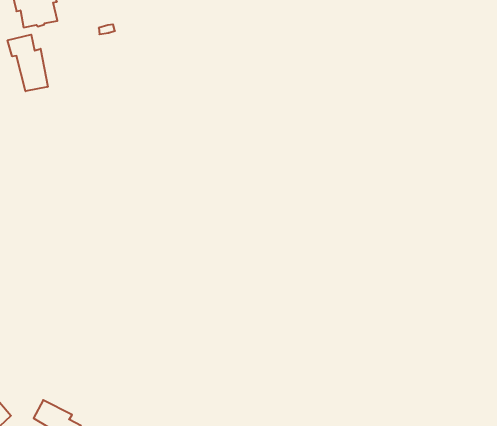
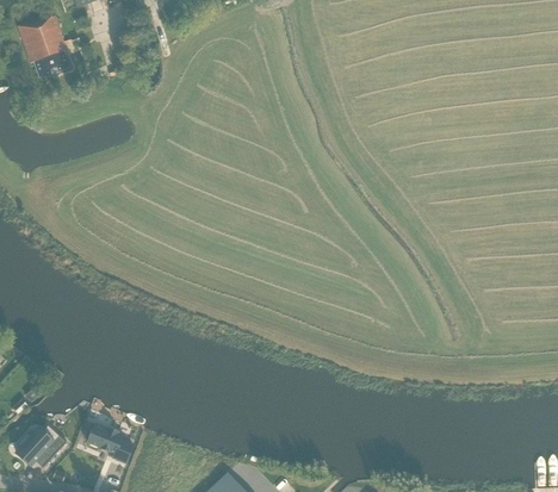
building: [8,35,48,91] -> none

